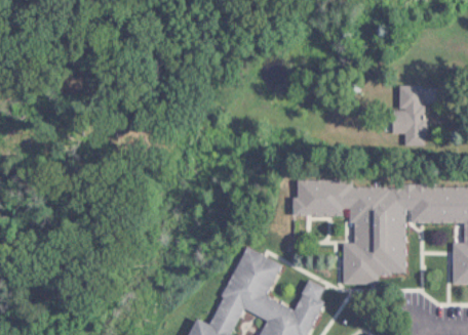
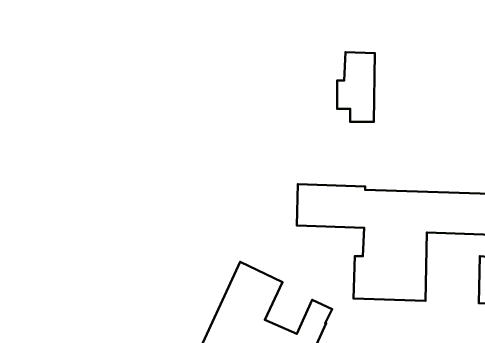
building: [393,85,426,145] -> [337,52,375,122]

